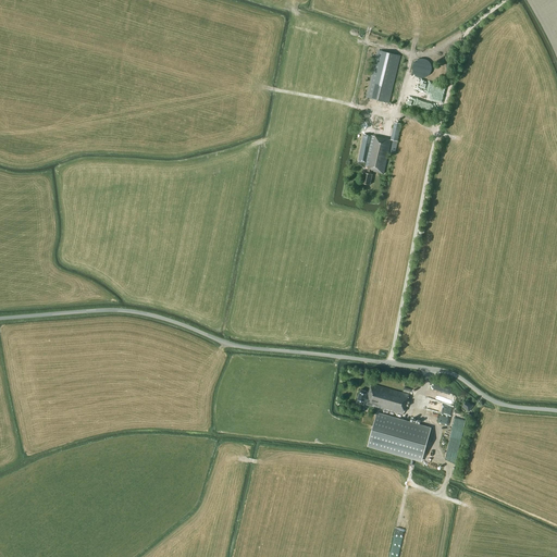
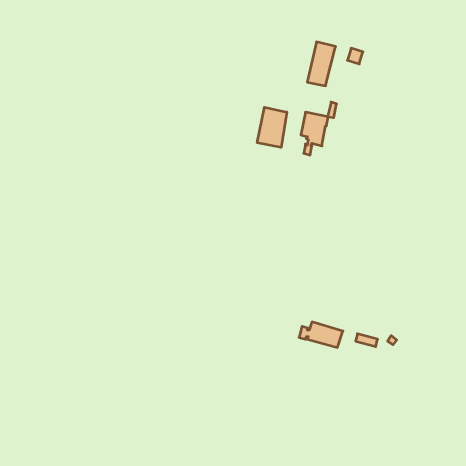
building: none -> [257,107,287,147]
building: [369,413,430,460] -> none

